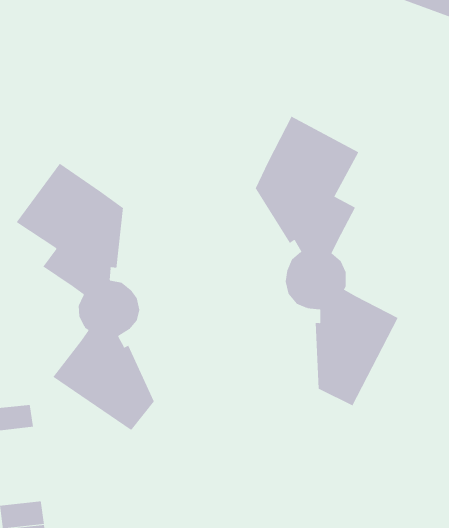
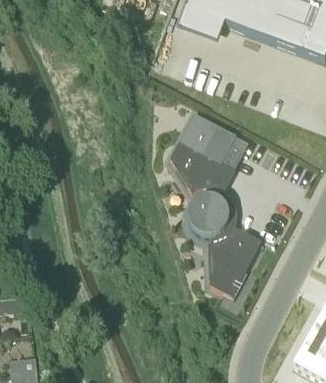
building: [16,163,154,431] -> none

